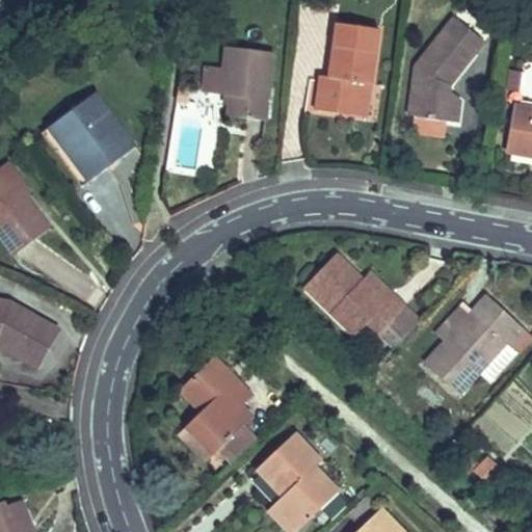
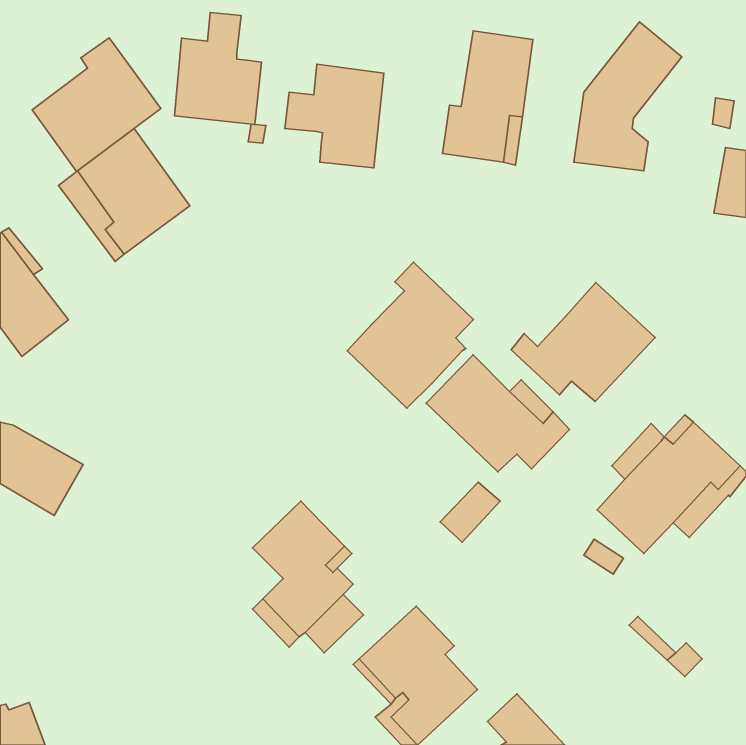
building: none -> [174,13,262,125]
building: none -> [32,38,161,171]
building: none -> [347,262,473,408]
building: none -> [511,282,655,401]
building: [378,305,421,348] -> [440,482,500,542]

